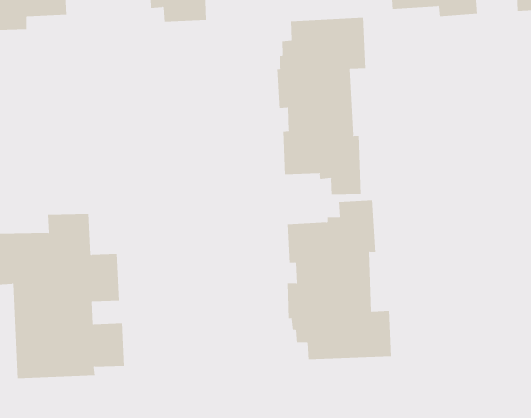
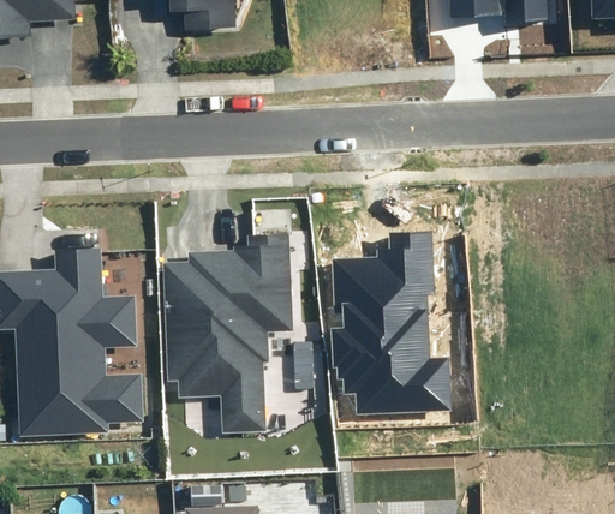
building: [277,17,366,195] -> none
building: none -> [163,232,292,432]

